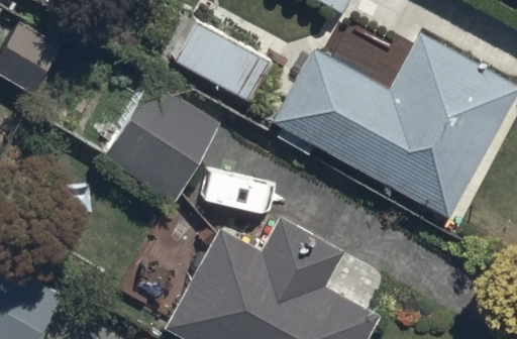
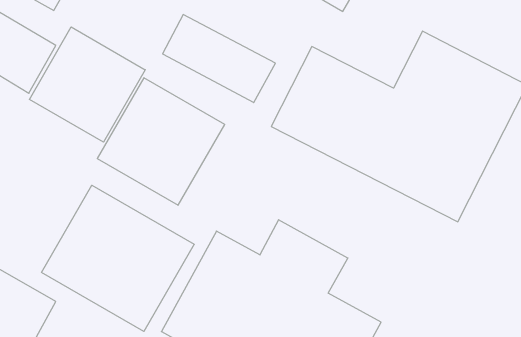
building: none -> [29,27,145,142]
building: none -> [42,185,194,331]

